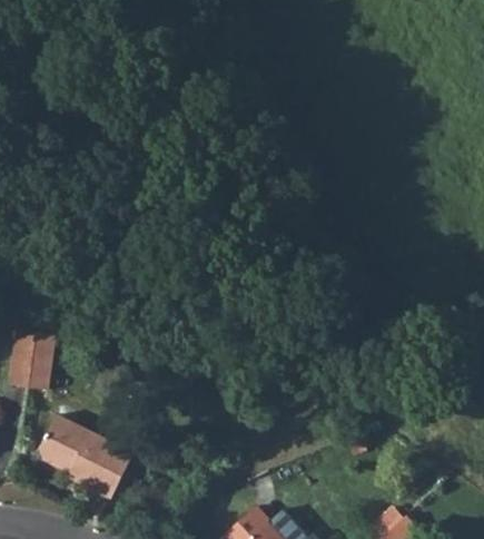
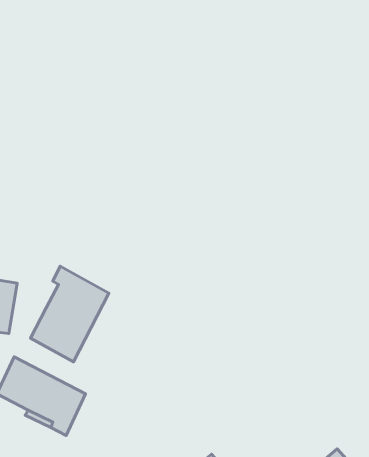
building: none -> [31,266,109,362]

